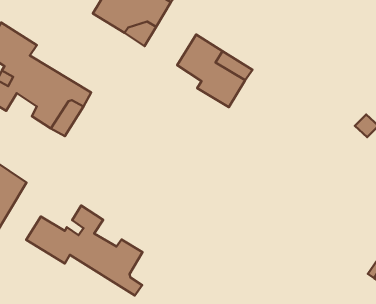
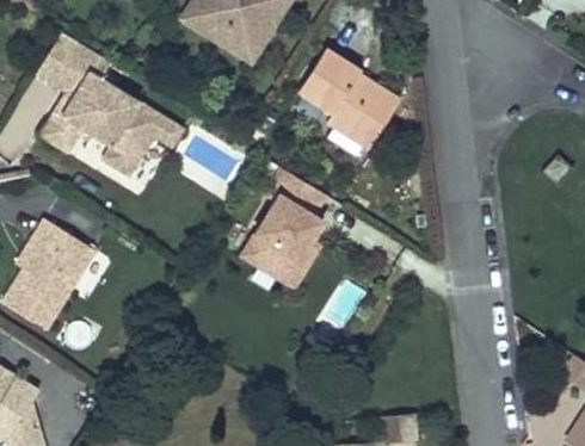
building: none -> [239,167,328,291]
building: [26,206,143,296] -> none

